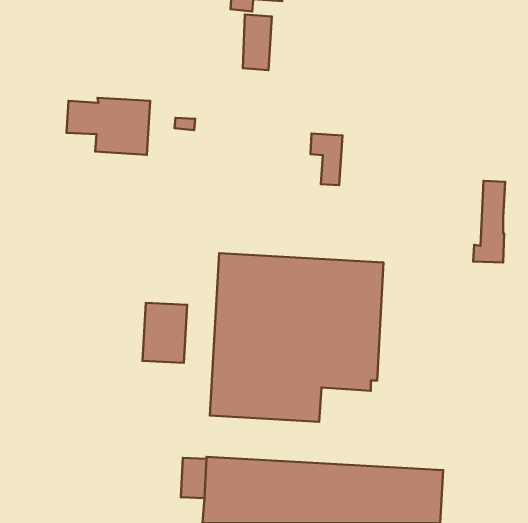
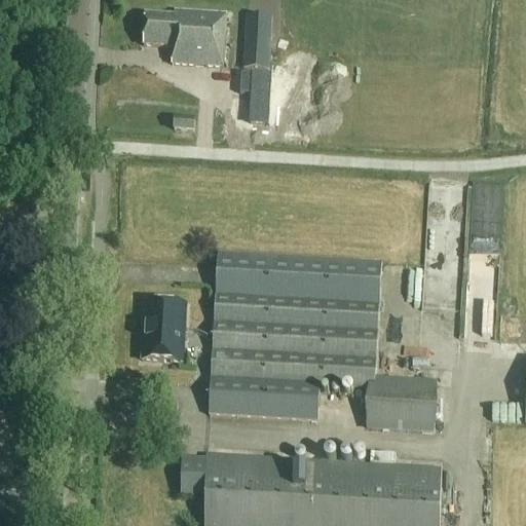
building: [66,98,150,155] -> [143,9,226,66]
building: [310,134,342,185] -> [236,76,268,127]
building: none -> [367,378,437,430]

